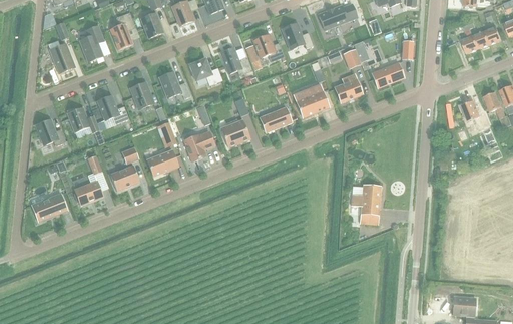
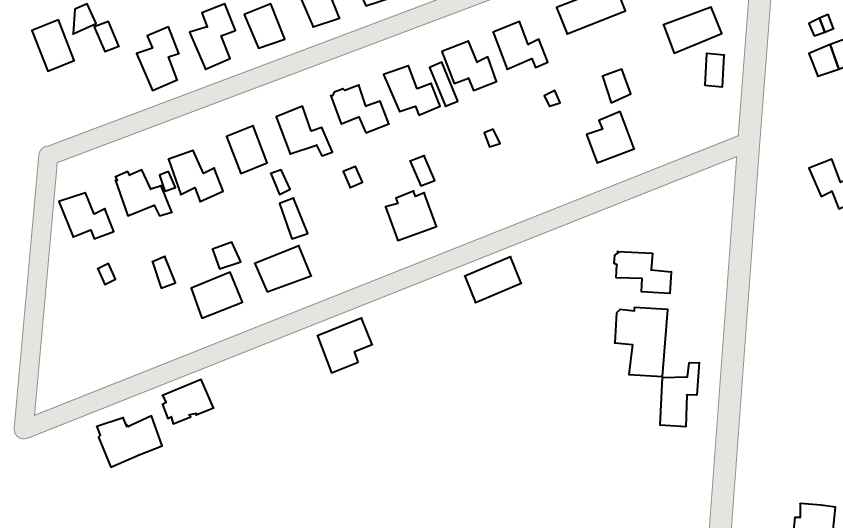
building: [50,43,74,72] -> [32,20,74,71]
building: [371,62,404,88] -> [663,7,722,53]
building: [296,83,329,117] -> none
building: [260,106,292,132] -> [465,257,521,303]
building: [183,130,214,161] -> [317,318,372,373]
building: none -> [614,251,671,293]
building: [74,180,103,205] -> [162,380,214,424]
building: [30,193,67,222] -> [97,416,162,467]
building: none -> [660,363,699,427]

